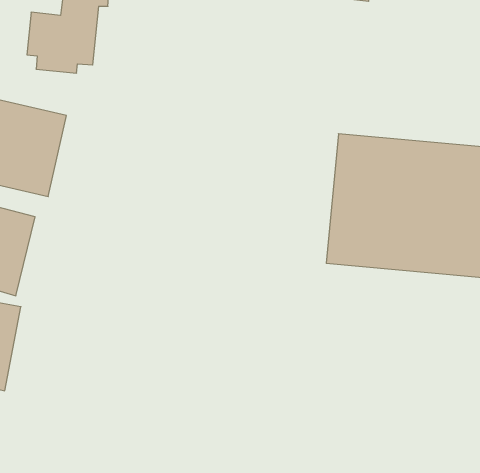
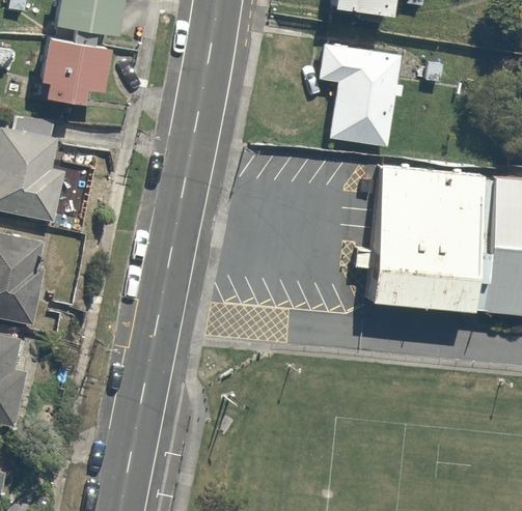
building: none -> [311,44,405,153]

